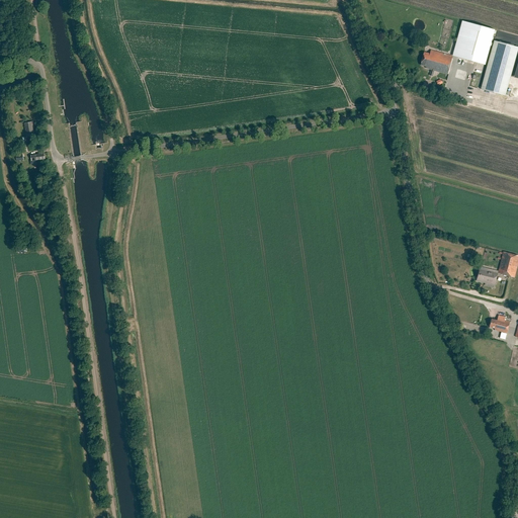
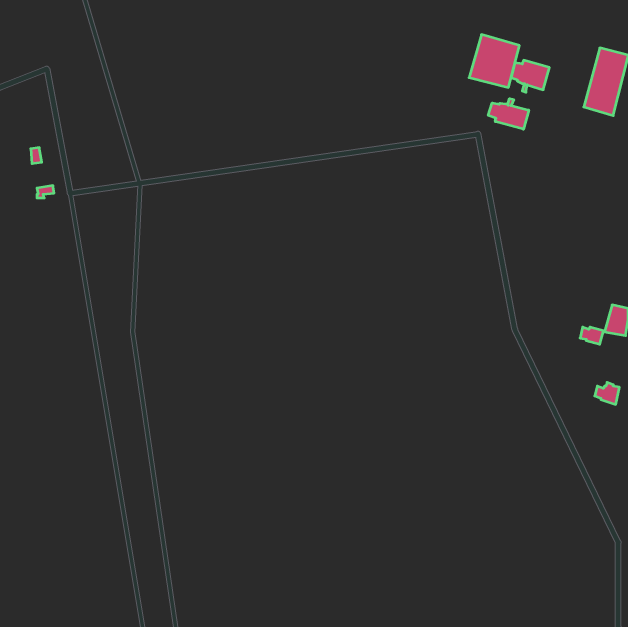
building: [452,20,494,64] -> [469,35,519,87]
building: none -> [488,99,529,129]

